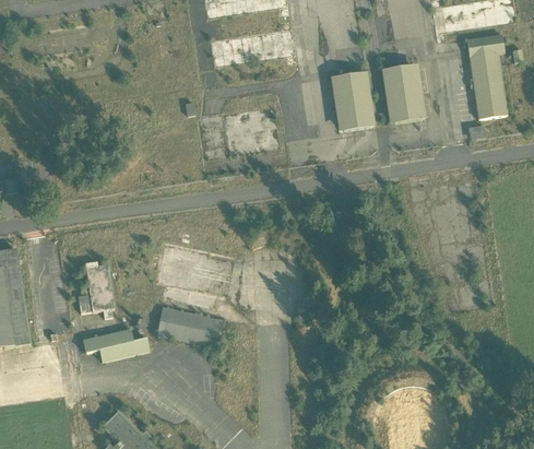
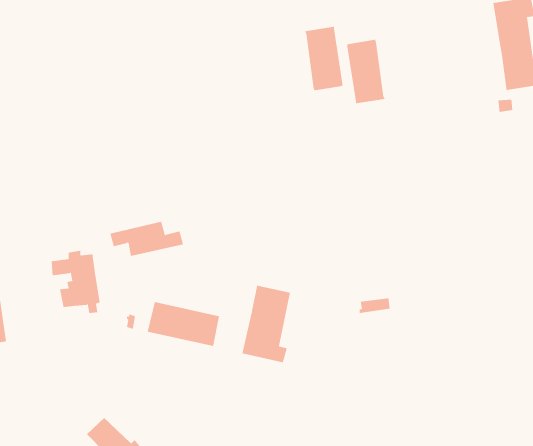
building: [384,64,419,122] -> [304,26,343,91]
building: none -> [242,285,291,363]
building: [82,329,149,361] -> [109,221,184,257]

